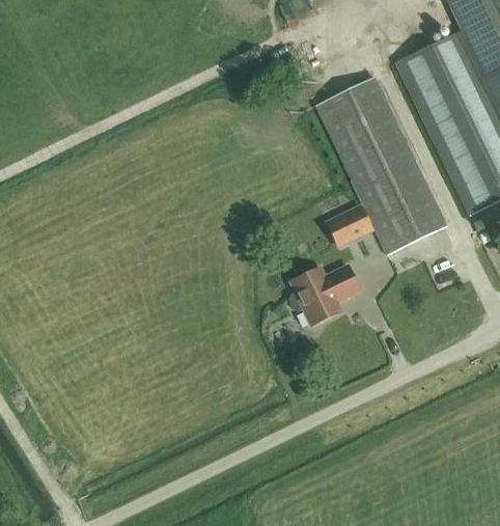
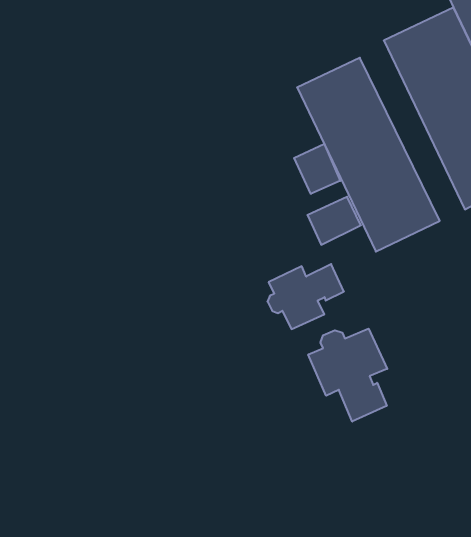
building: none -> [294,144,340,194]
building: none -> [308,329,387,422]

